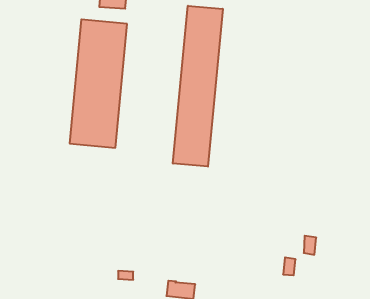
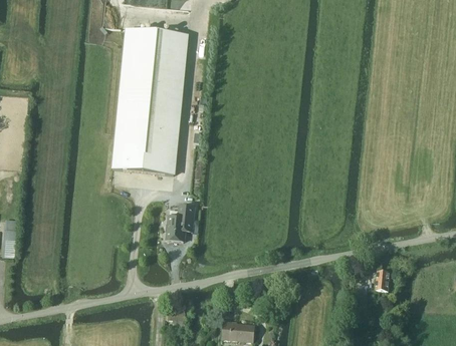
building: [173,6,223,167] -> none
building: none -> [167,205,195,241]

